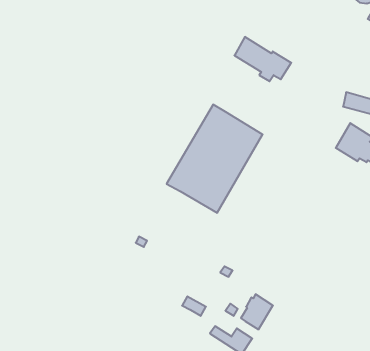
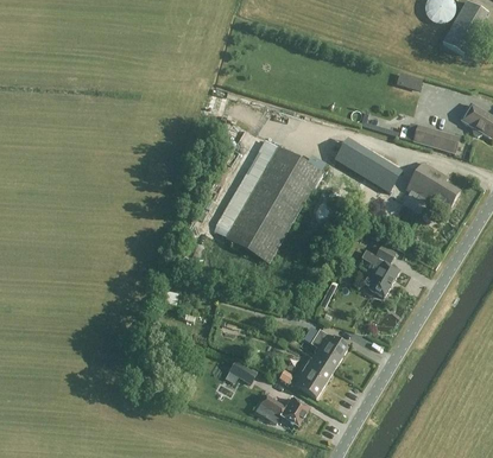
building: [234,37,291,81] -> [339,138,404,189]
building: none -> [364,242,398,295]
building: none -> [311,330,348,370]

